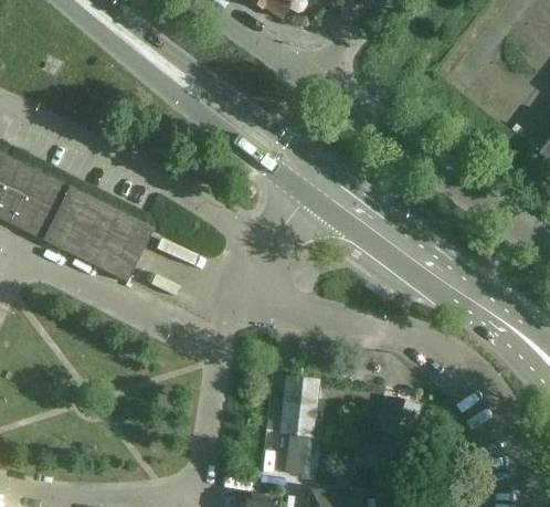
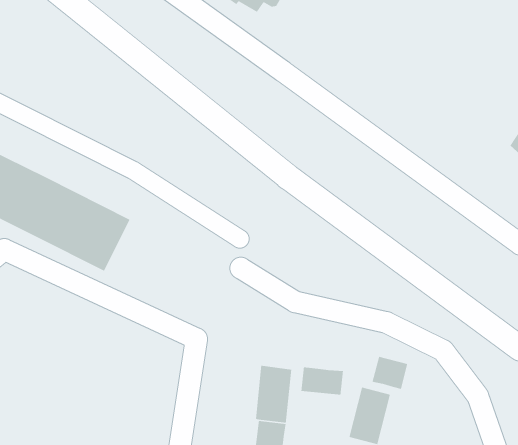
building: none -> [372,356,408,390]
building: none -> [300,367,344,396]

